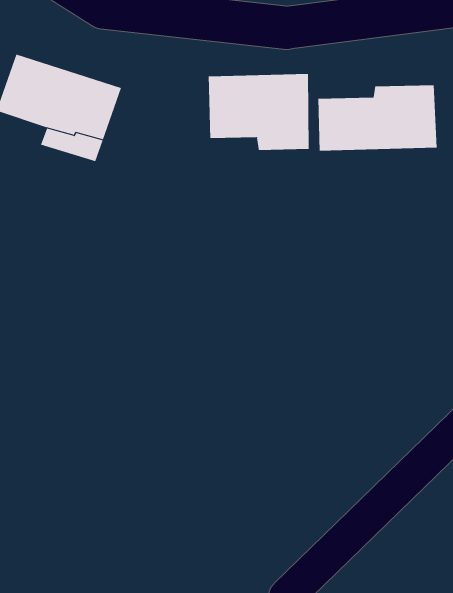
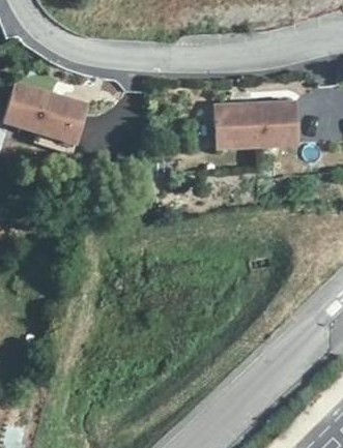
building: [208,73,309,151] -> none

